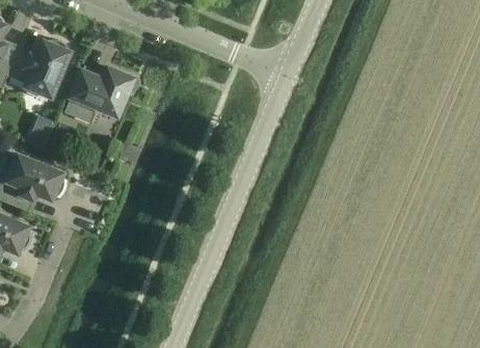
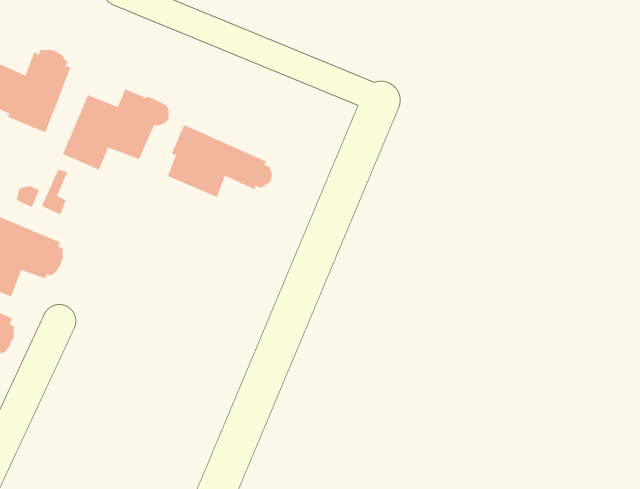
building: none -> [167,124,273,198]

